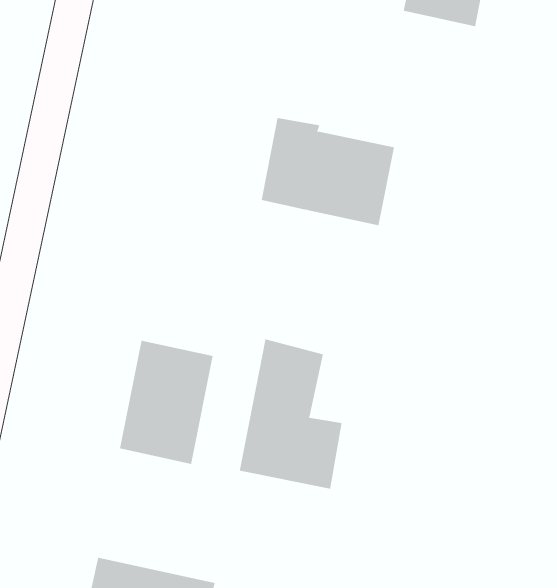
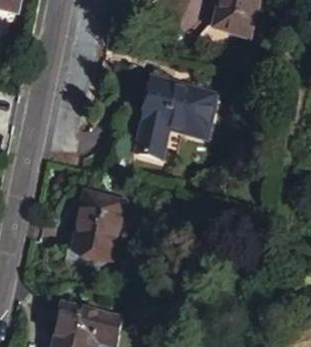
building: none -> [136,121,167,159]
building: [239,339,342,490] -> none

